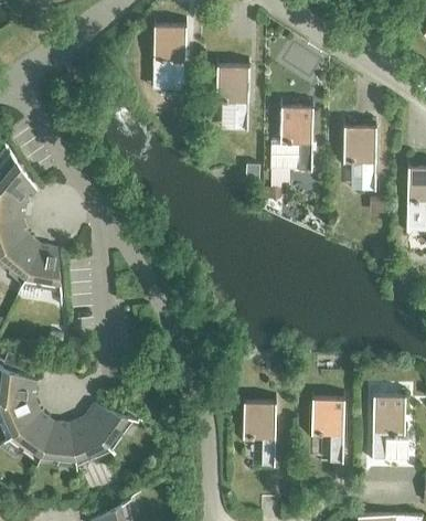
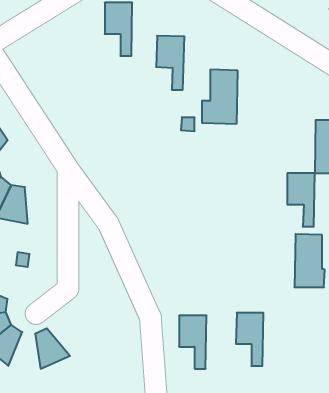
building: [343,125,376,189] -> [287,173,315,227]
building: [372,394,408,458] -> [294,234,325,287]
building: [84,403,134,449] -> none
building: [38,421,76,465] -> none

